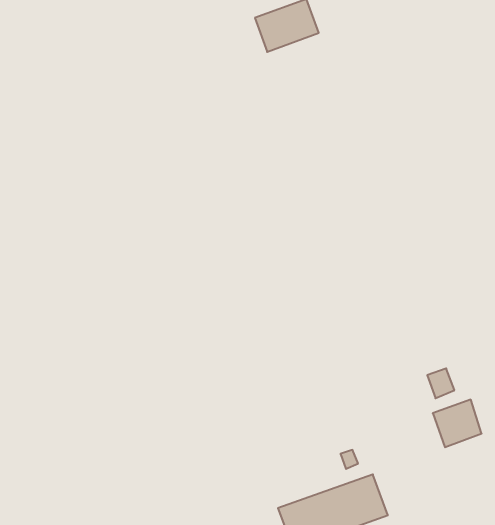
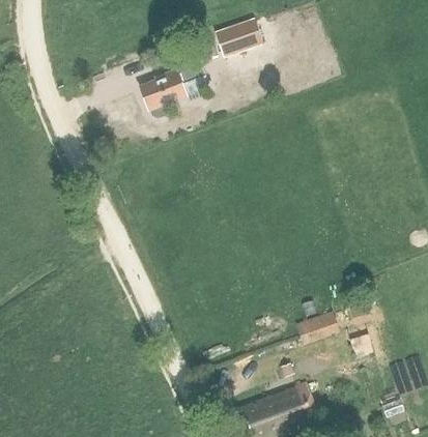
building: none -> [140,55,204,114]
building: none -> [296,309,340,343]

